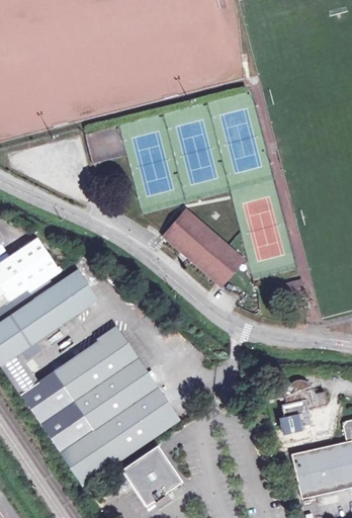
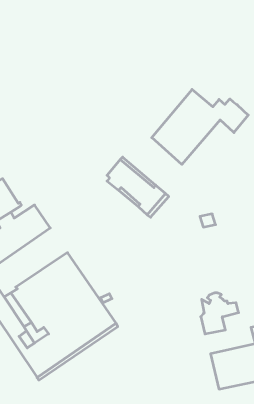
building: none -> [152,89,248,164]
building: [120,445,181,508] -> none

